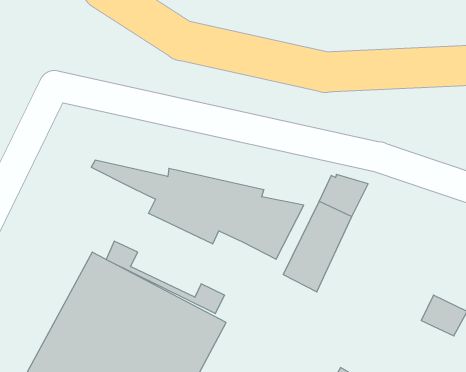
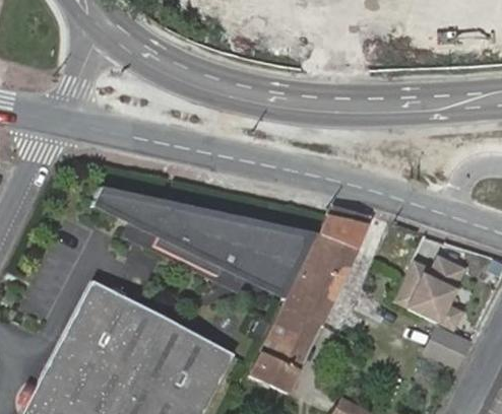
building: none -> [396,257,464,329]
building: [106,241,225,314] -> [129,218,247,290]
building: none -> [252,304,321,392]

